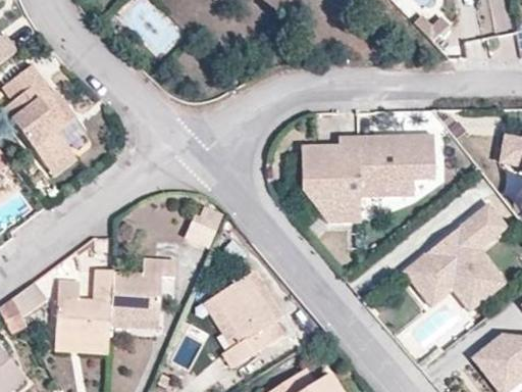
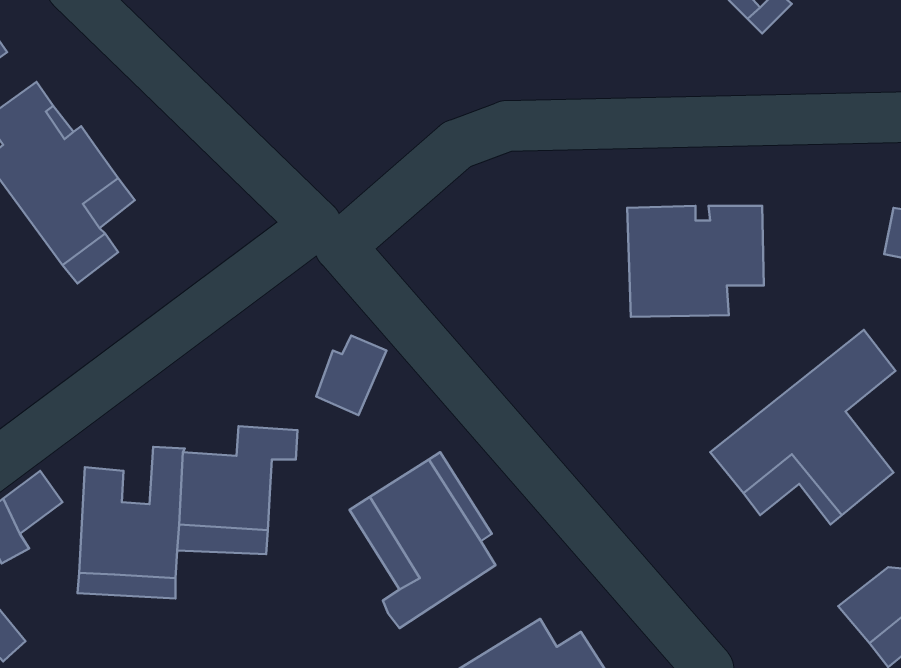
building: [301,136,359,222] -> none

